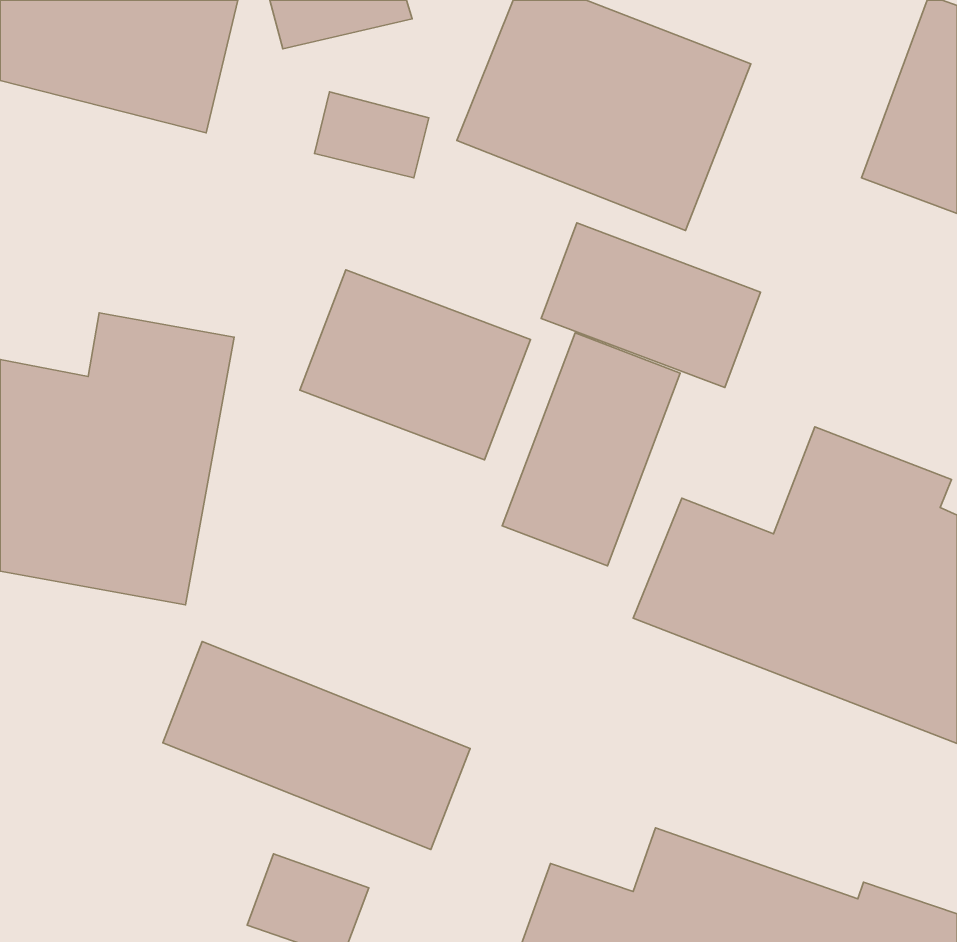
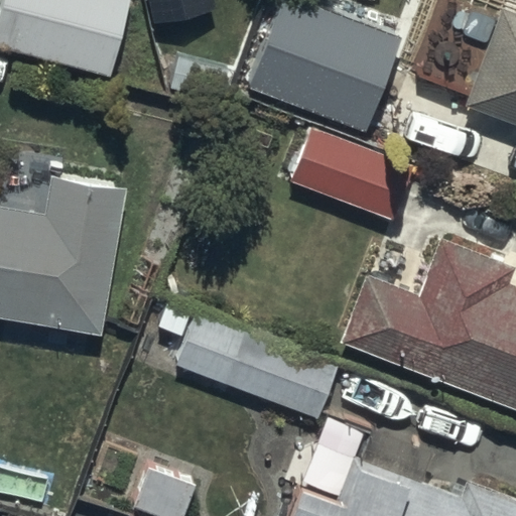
building: [300,270,530,460] -> none
building: [502,333,680,566] -> none
building: [163,642,470,850] -> [173,312,339,424]

